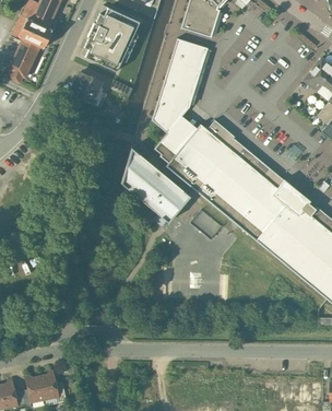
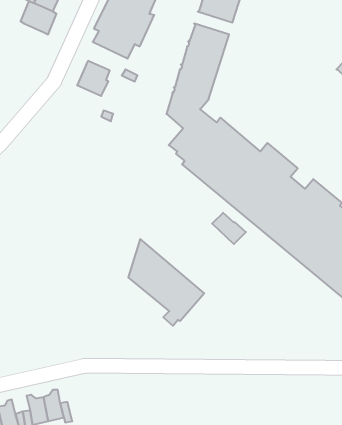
building: [9,38,40,83] -> none
building: [121,148,190,226] -> [128,239,204,326]

